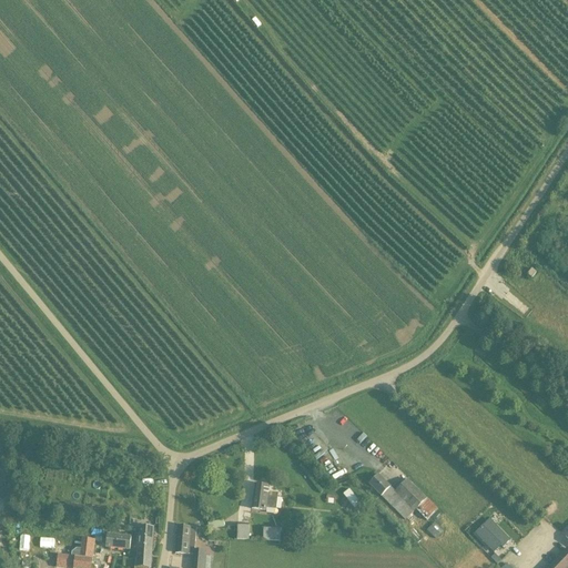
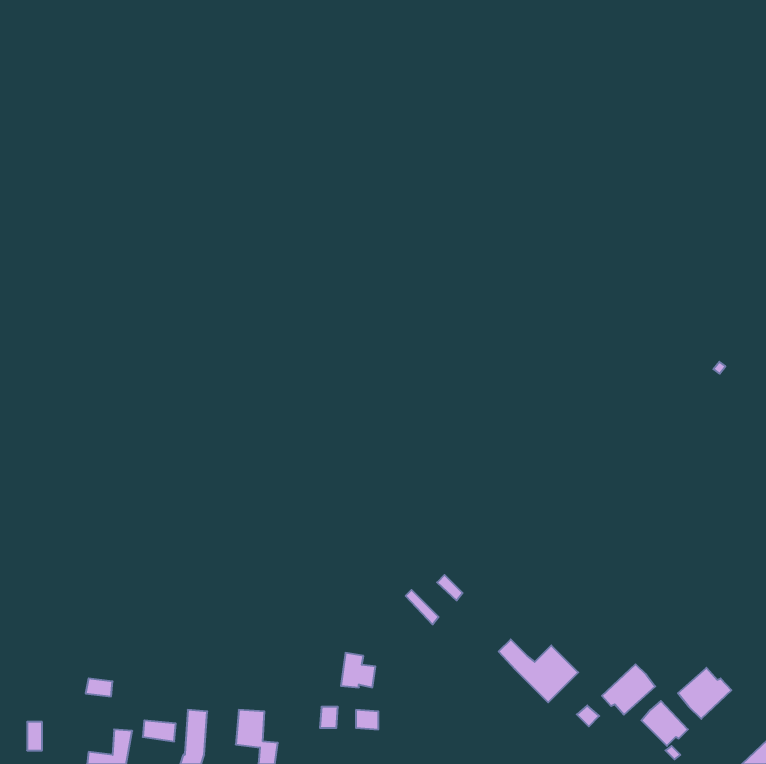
building: none -> [602,664,655,715]
building: none -> [678,668,731,719]

